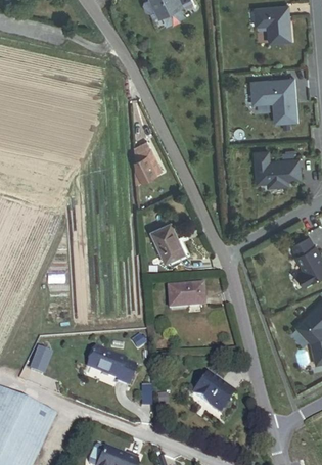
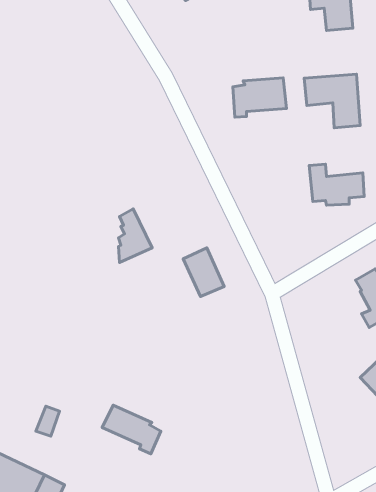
building: none -> [233,78,286,117]
building: [136,139,164,183] -> [118,209,152,263]
building: [167,287,205,311] -> none
building: [191,375,233,416] -> none

